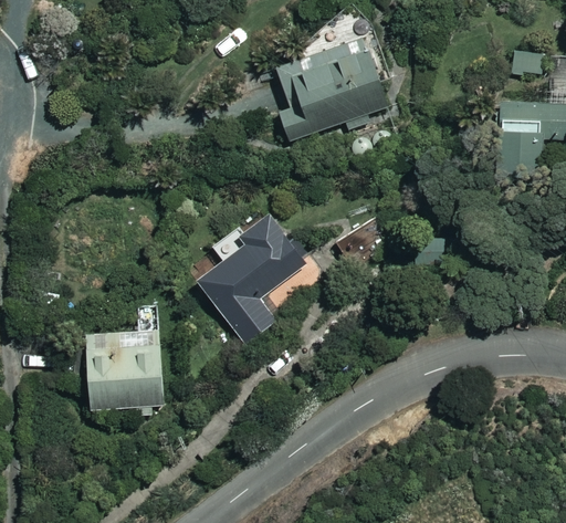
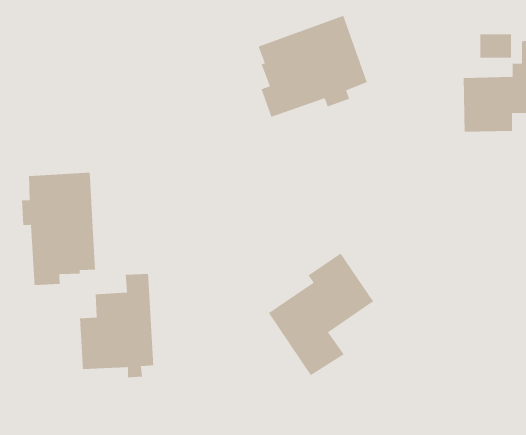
building: none -> [21,172,96,286]
building: [196,213,308,345] -> [268,252,374,376]

